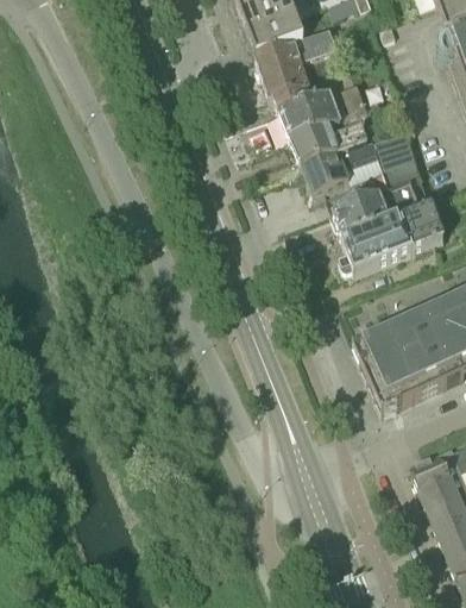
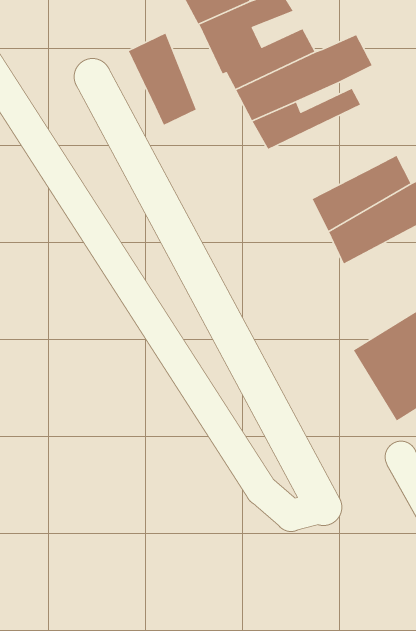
building: none -> [128,32,197,126]
building: [301,130,422,194] -> none

